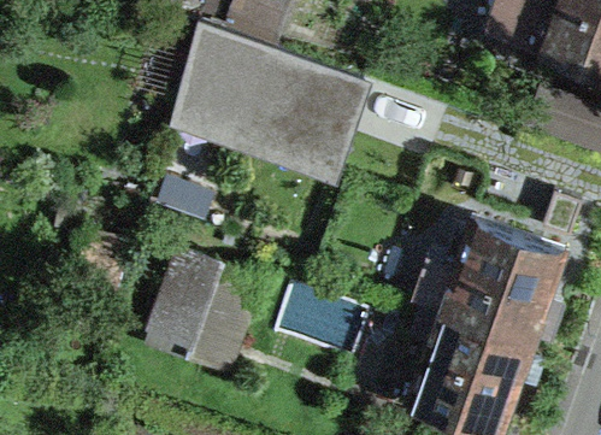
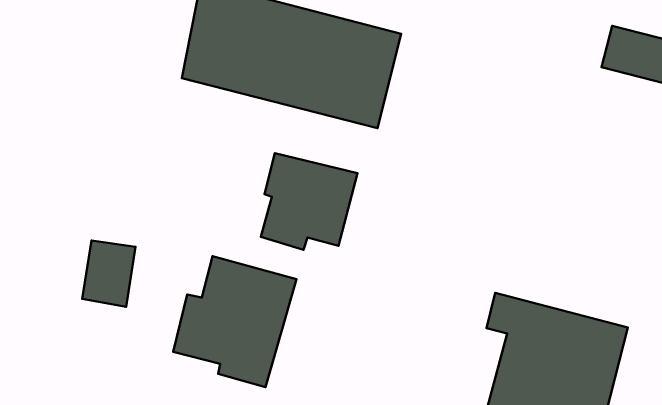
building: none -> [261,153,357,250]
building: [423,225,562,348] -> none

